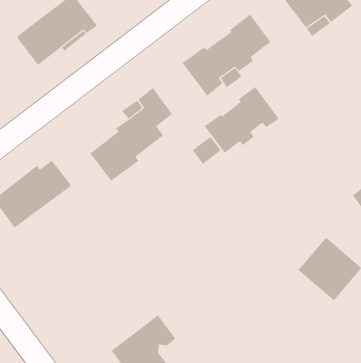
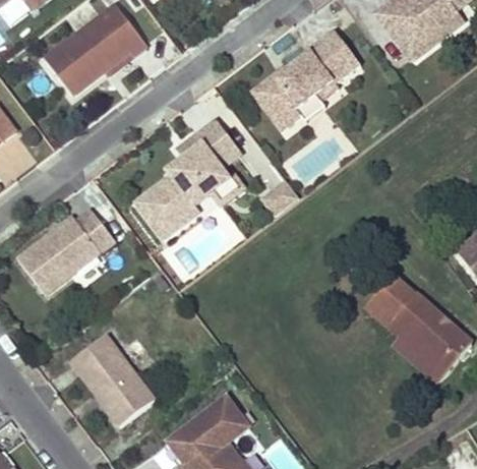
building: [204,86,280,154] -> none
building: none -> [366,276,428,339]
building: none -> [71,334,157,424]

